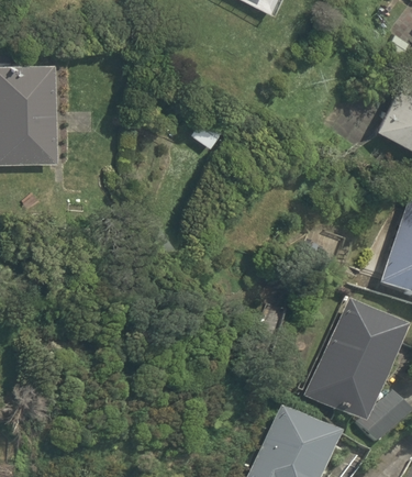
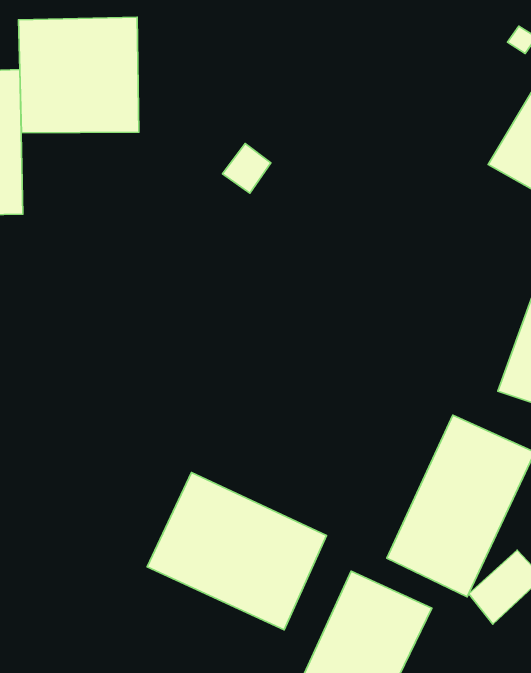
building: none -> [18,17,139,133]
building: none -> [147,472,326,630]

